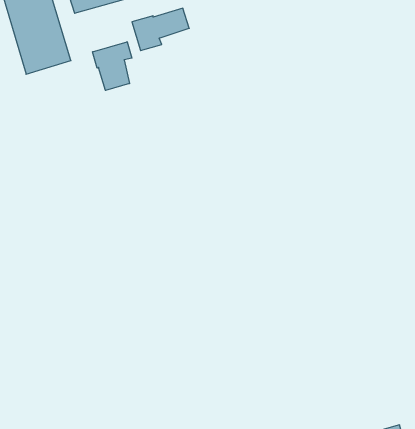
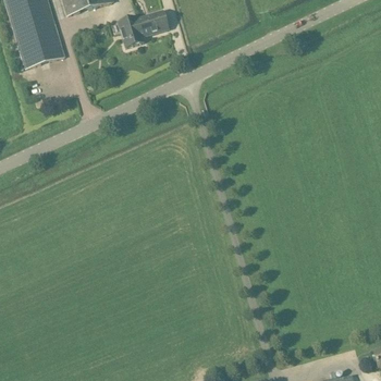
building: [93,42,132,90] -> none

